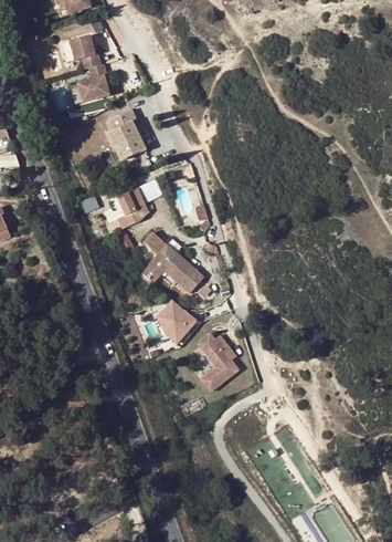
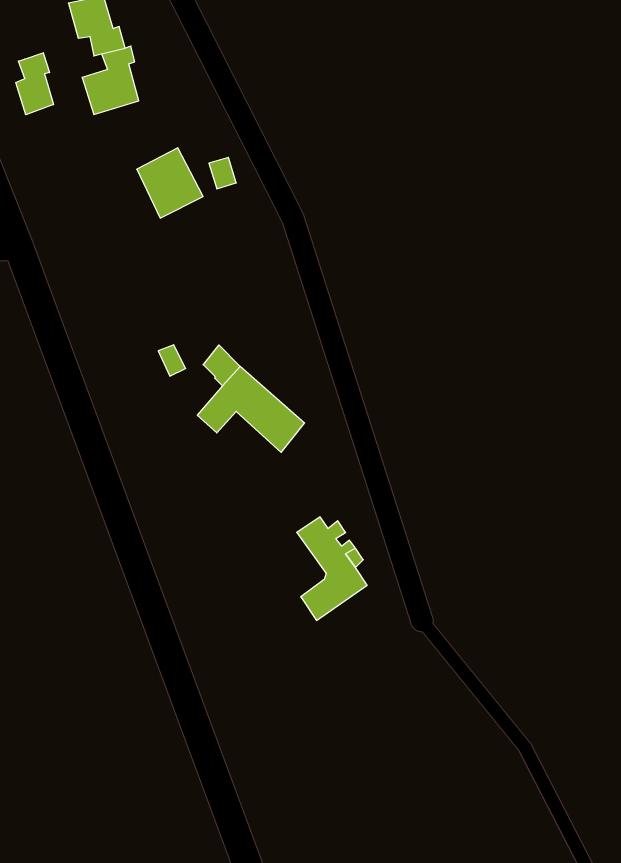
building: none -> [16,53,53,115]
building: [109,180,162,230] -> none
building: [157,299,197,343] -> none

